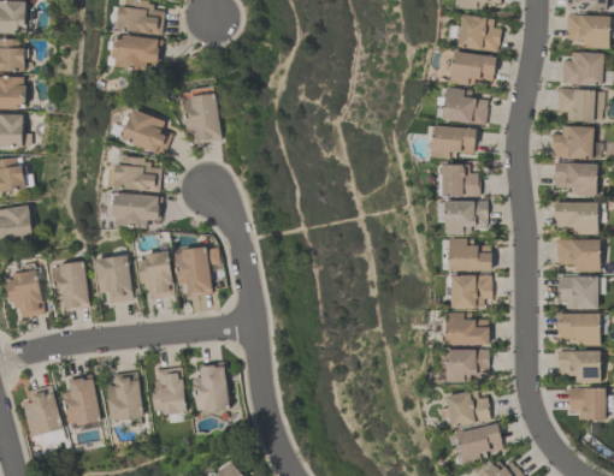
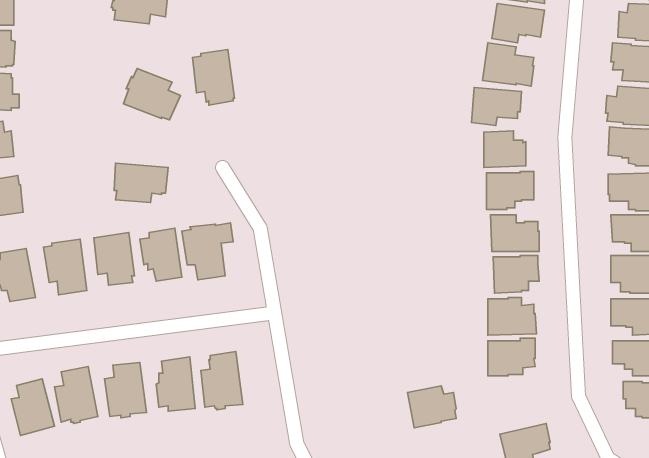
building: [116,156,161,191] -> none
building: [447,391,490,428] -> [407,386,456,428]

